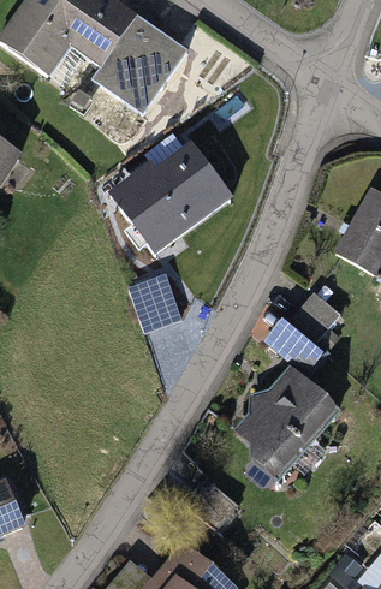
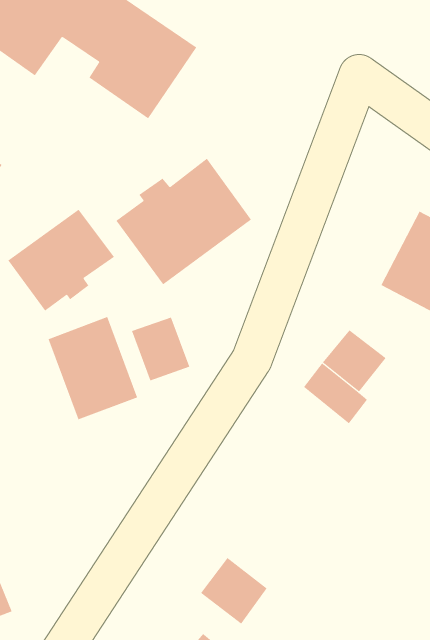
building: none -> [8,209,115,311]
building: none -> [48,316,138,420]
building: [238,375,329,469] -> none

